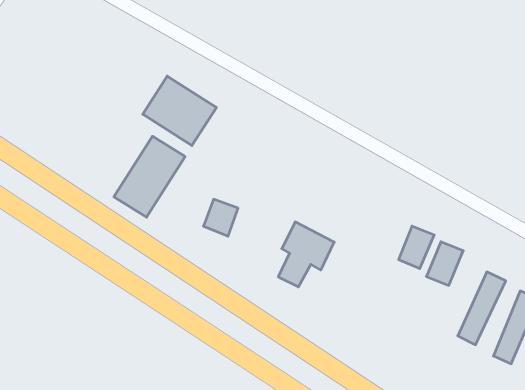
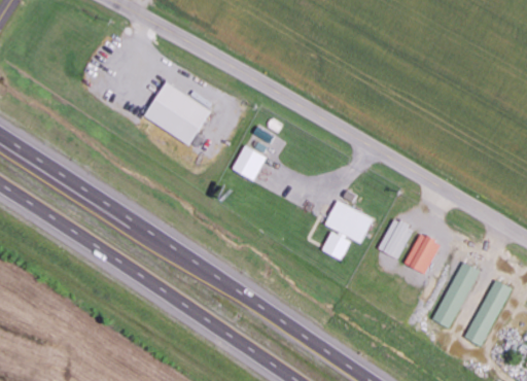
building: [114,136,185,217] -> none
building: [203,199,238,236] -> [233,146,265,180]
building: [278,222,334,287] -> [321,200,373,259]

